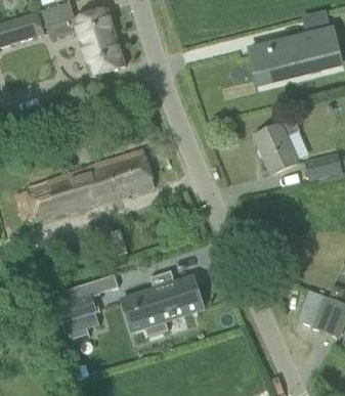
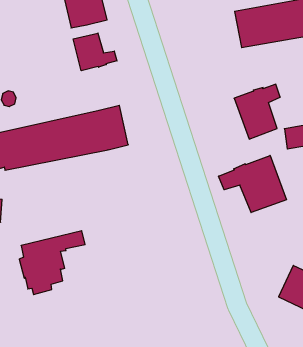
building: none -> [73,33,117,71]
building: none -> [219,155,287,213]
building: [120,270,202,338] -> none

